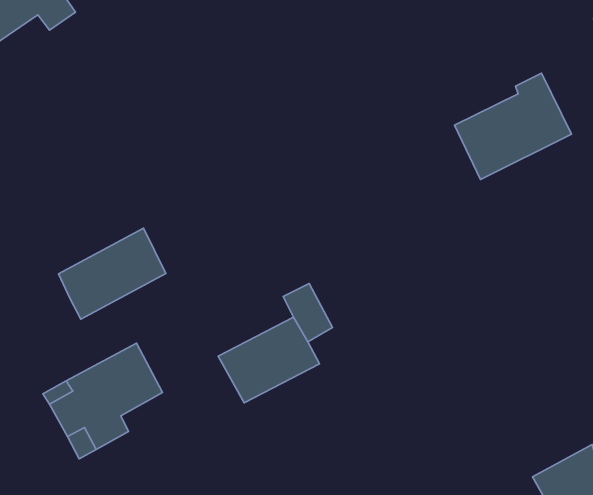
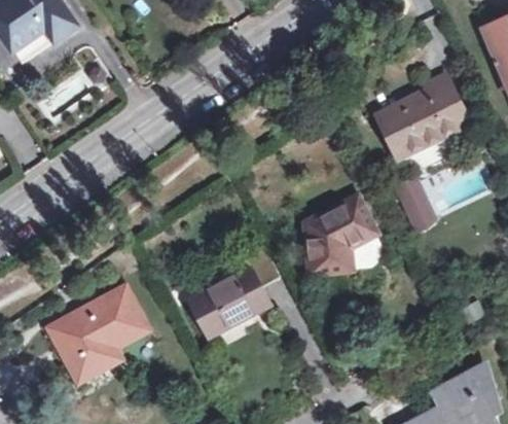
building: none -> [395,175,436,232]
building: [59,228,166,319] -> none
building: none -> [305,199,375,275]

